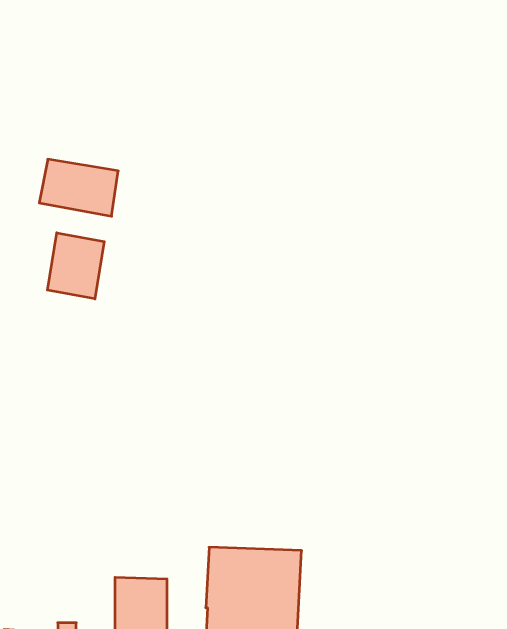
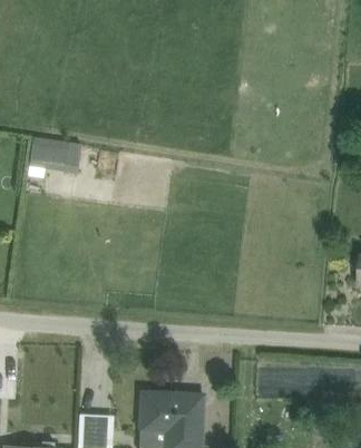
building: [47,233,104,299] -> none

